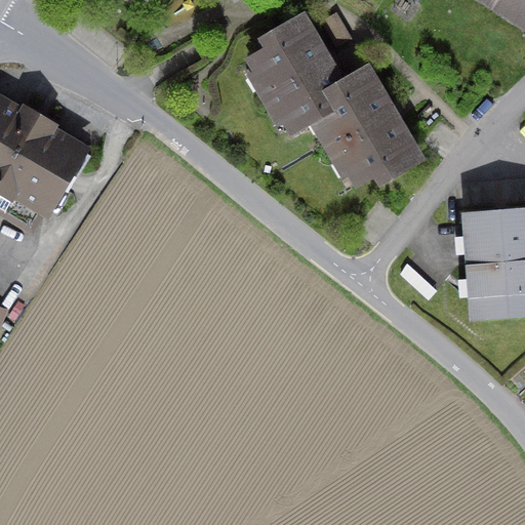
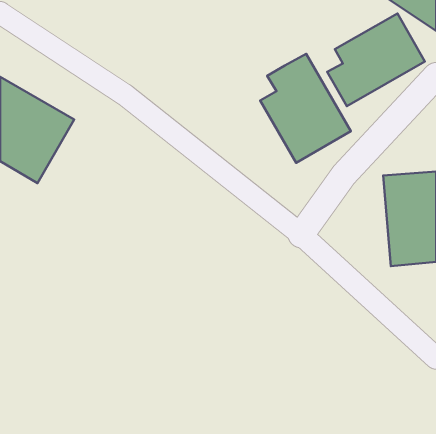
building: [244,12,342,135] -> none
building: none -> [327,13,425,106]

